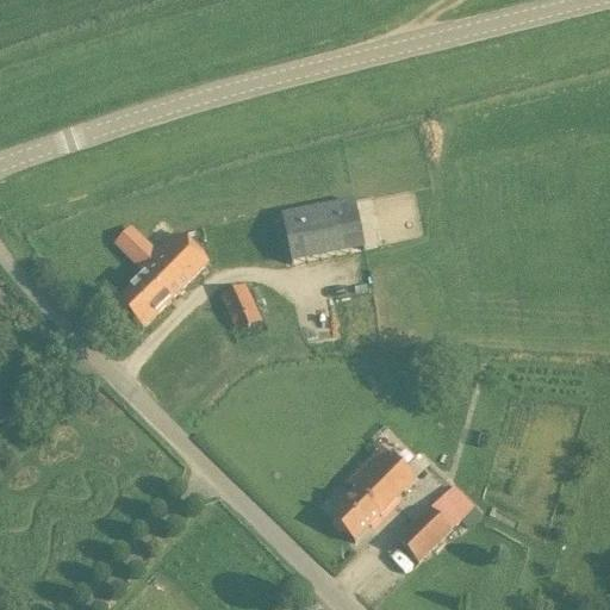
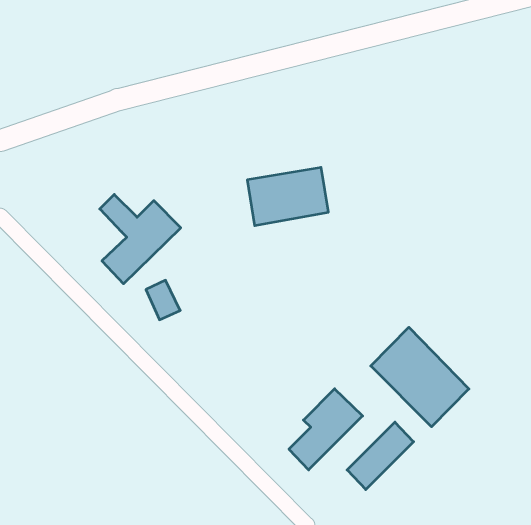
building: [220,281,260,326] -> [146,280,180,320]
building: none -> [371,327,469,427]

